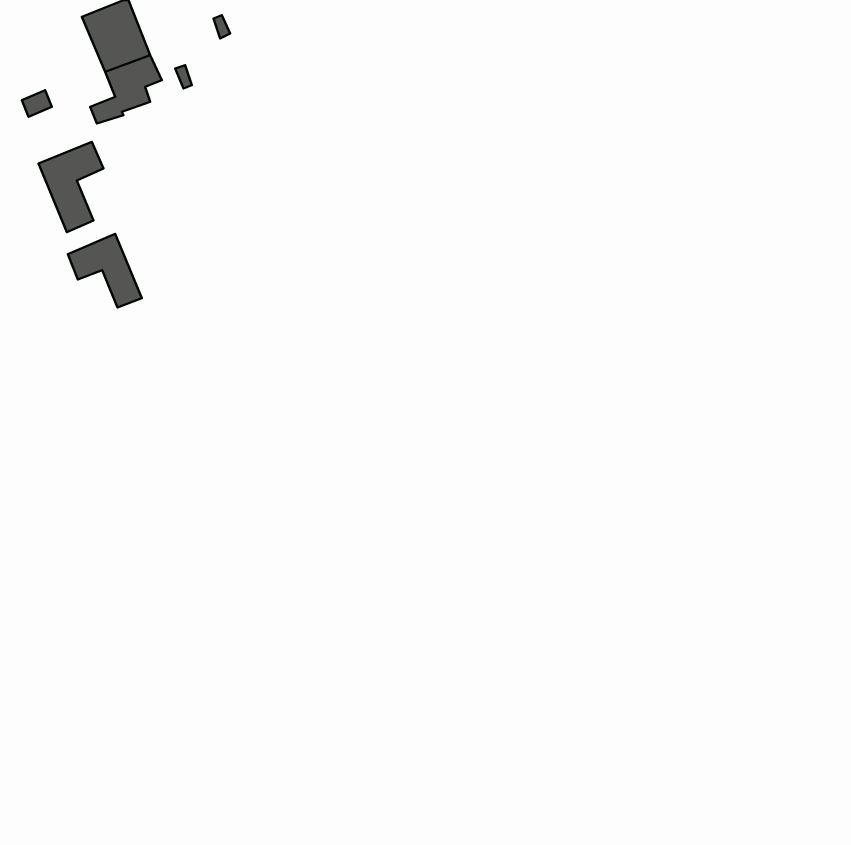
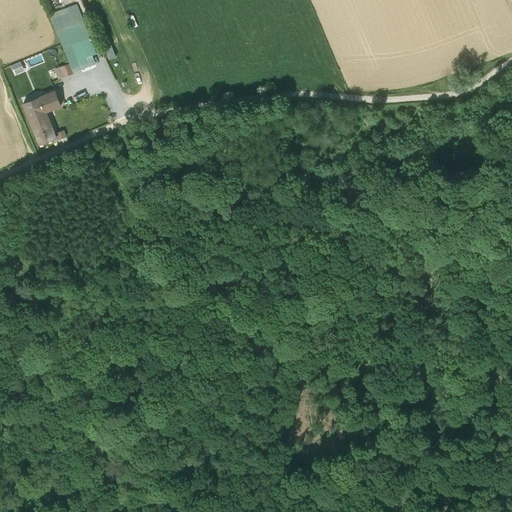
building: [68,234,142,308] -> none

